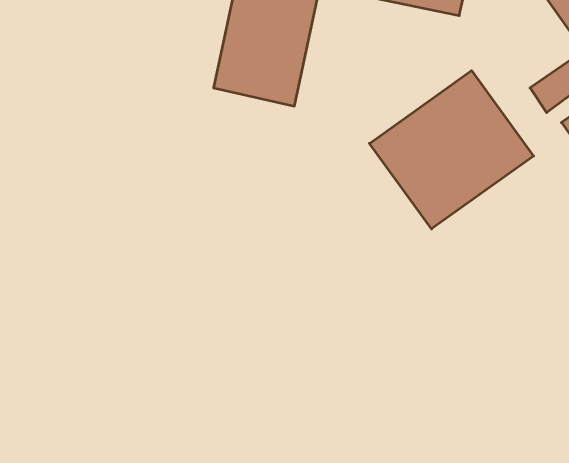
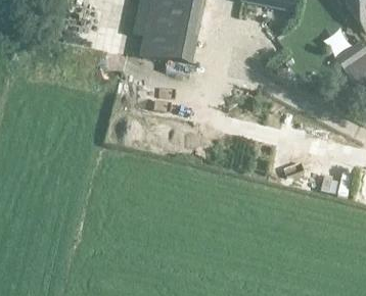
building: [369,71,534,229] -> none

